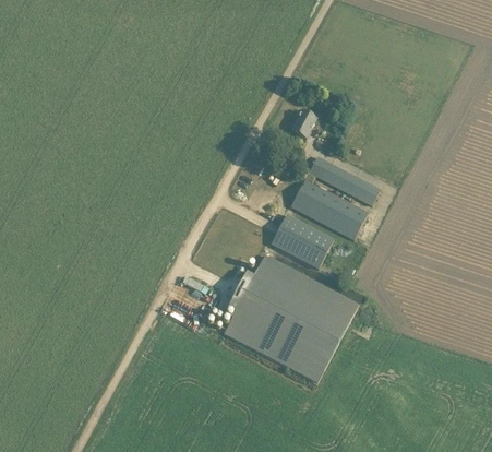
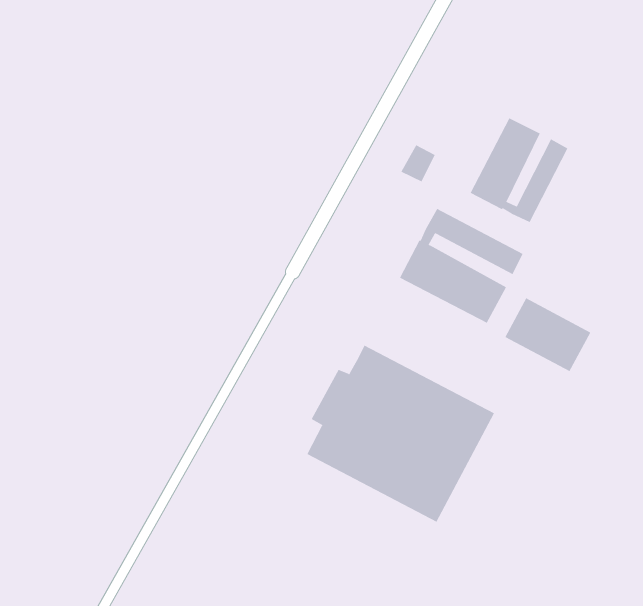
building: none -> [470,118,568,223]
building: [272,214,334,267] -> [505,298,591,372]

